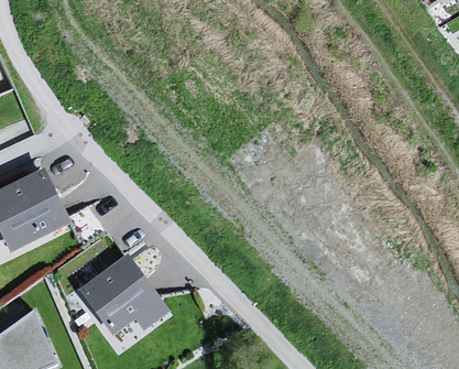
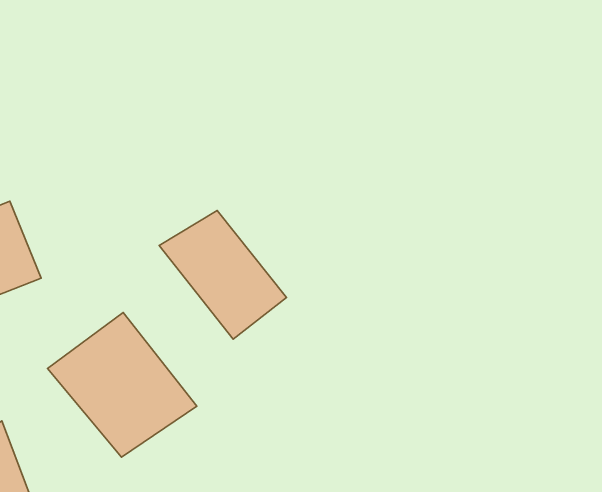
building: none -> [159,211,287,339]

